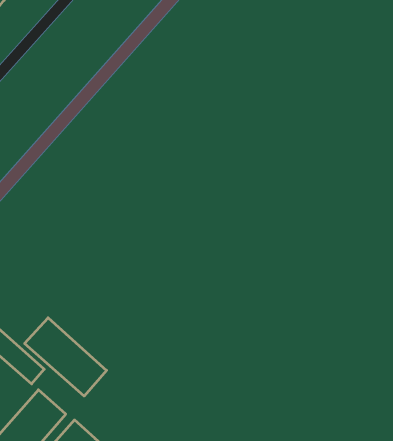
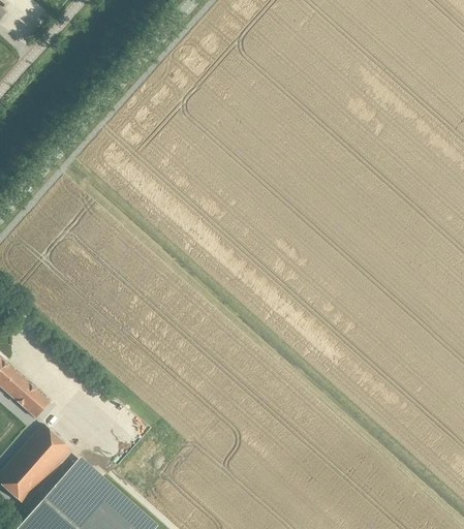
building: [25,318,107,396] -> none

